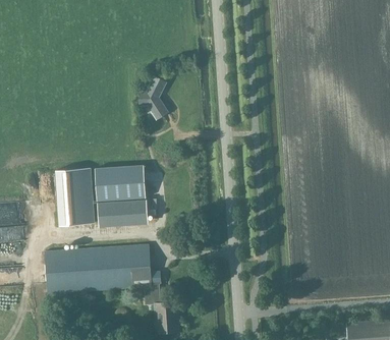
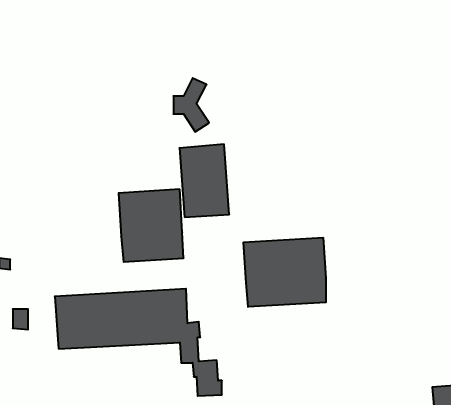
building: [53,168,93,226] -> [179,144,229,217]
building: none -> [244,238,326,307]

